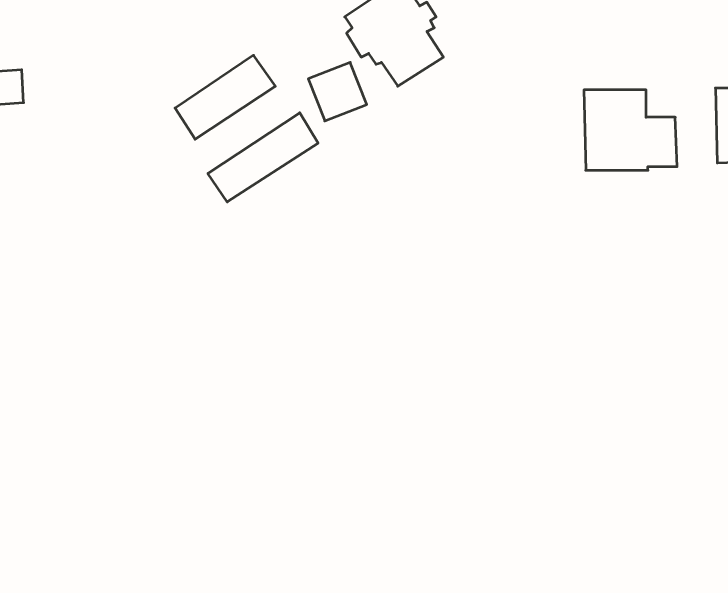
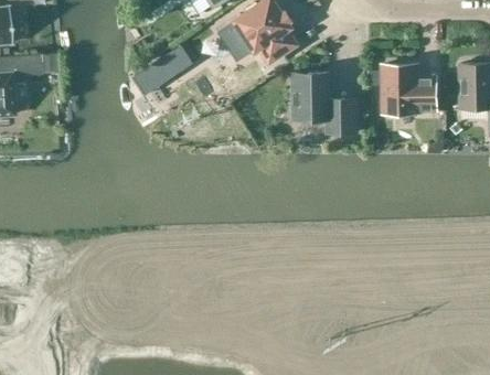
building: none -> [291,73,358,133]
building: [208,113,318,202] -> none

